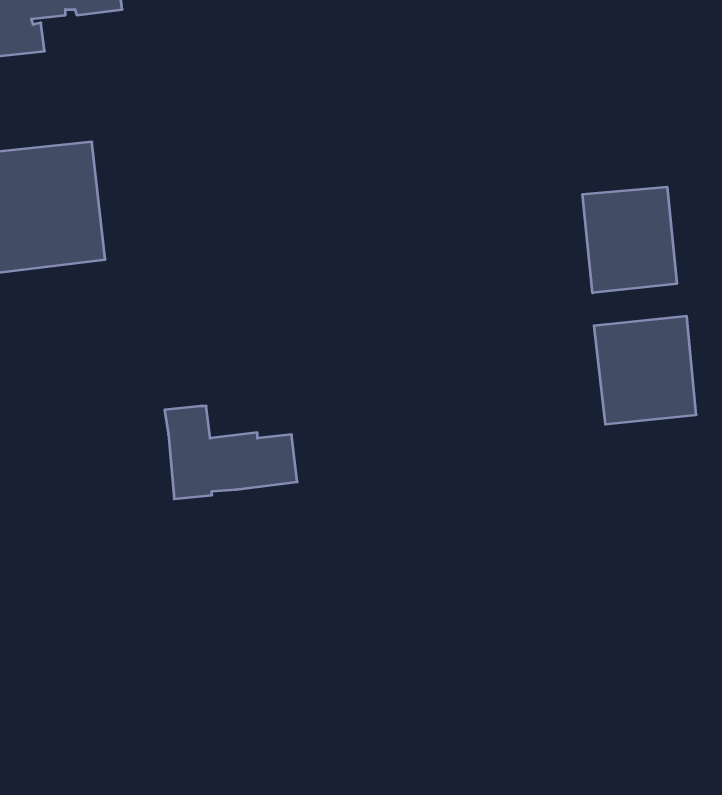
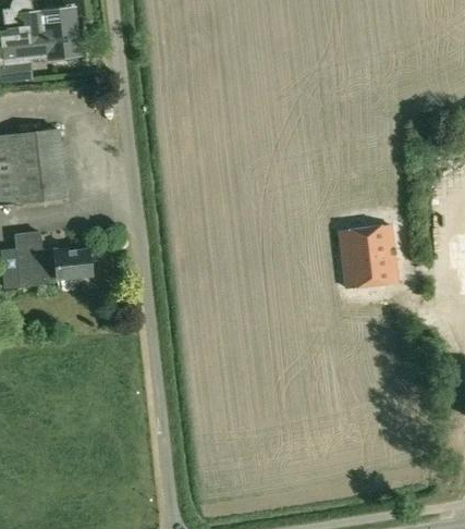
building: [583,187,677,293] -> none
building: [165,406,297,499] -> [14,231,90,284]

